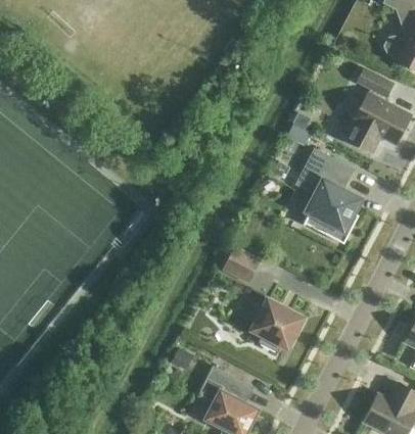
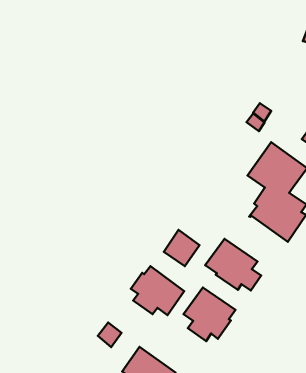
building: none -> [205,239,261,291]
building: none -> [131,266,184,315]

